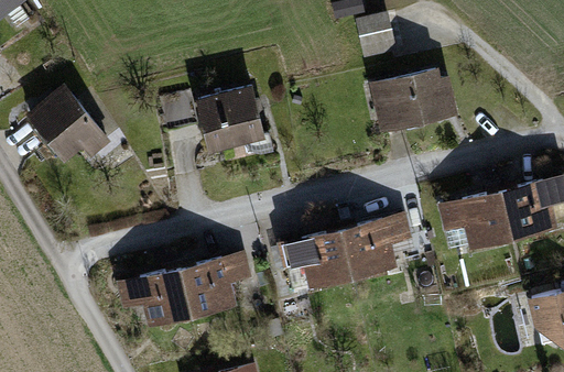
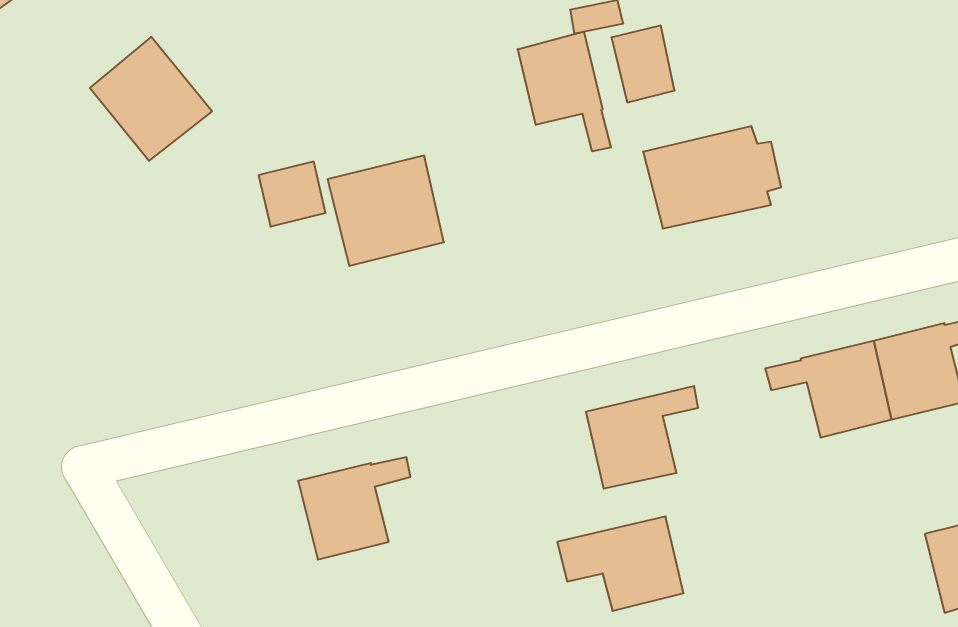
building: none -> [518,32,611,151]
building: [31,88,99,157] -> [90,37,212,161]
building: [282,231,352,284] -> [557,516,683,611]
building: [122,269,193,325] -> none

